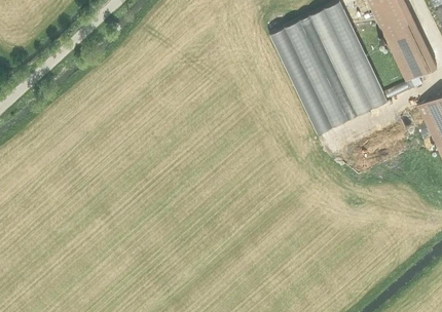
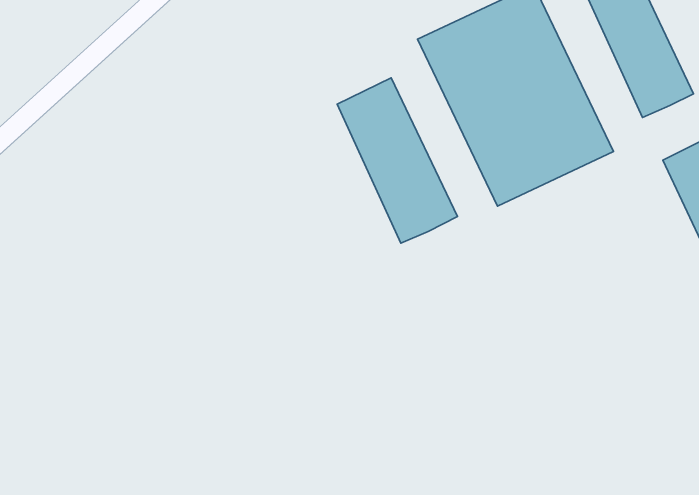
building: none -> [337,78,458,243]

